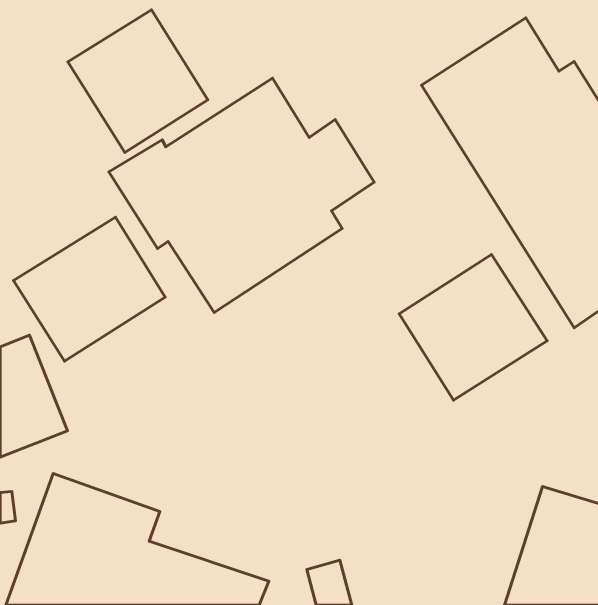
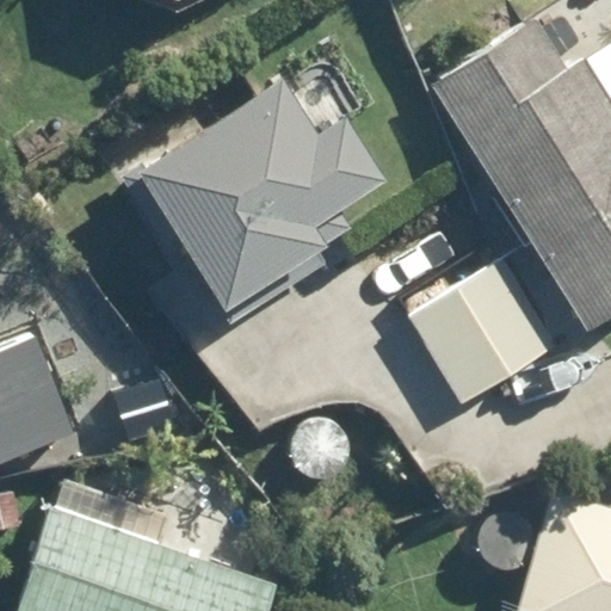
building: [68,10,208,152] -> none
building: [14,217,165,361] -> none

